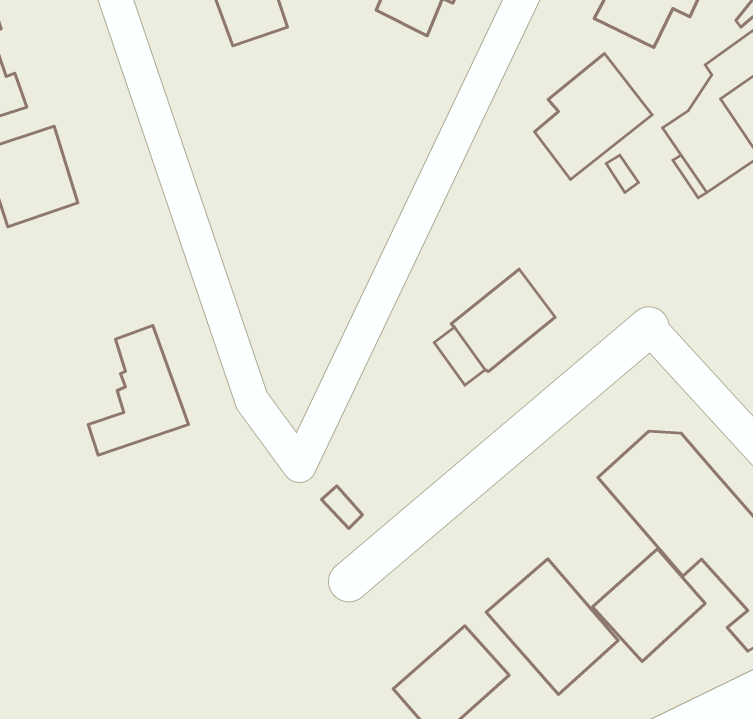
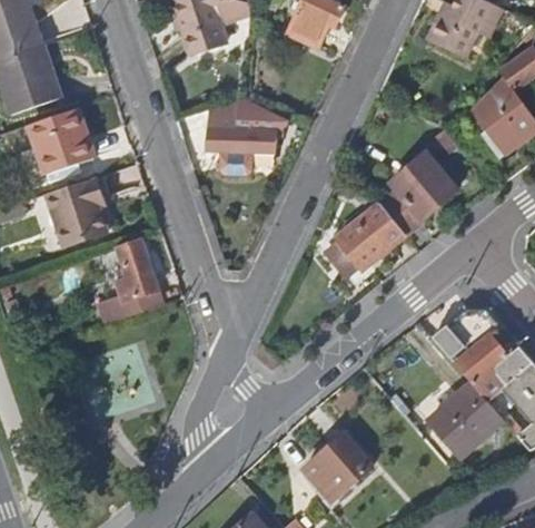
building: [535,53,652,180] -> [380,150,457,233]
building: none -> [224,95,288,175]
building: none -> [47,176,108,245]
building: [486,559,618,694] -> none

